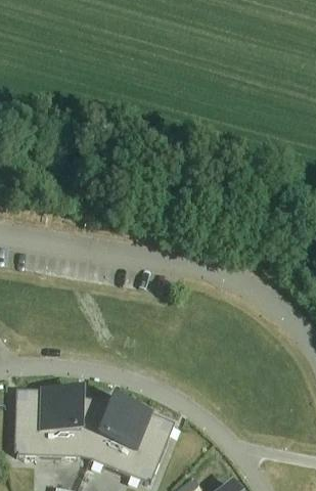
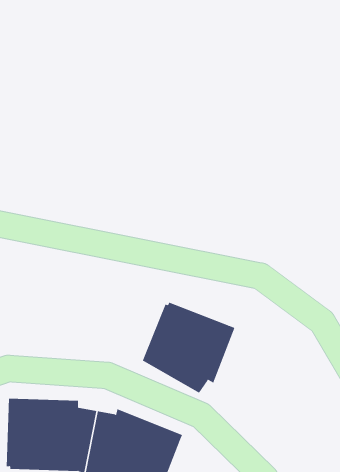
building: none -> [142,302,235,393]

